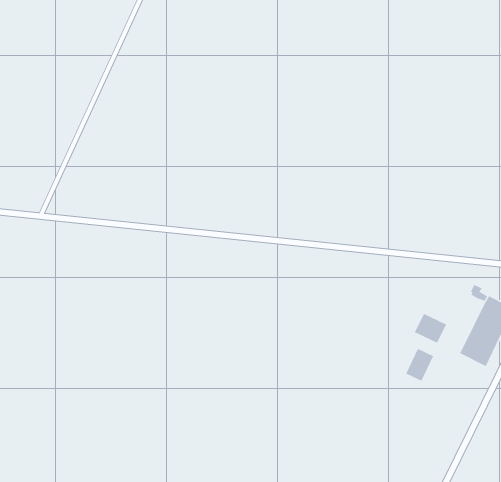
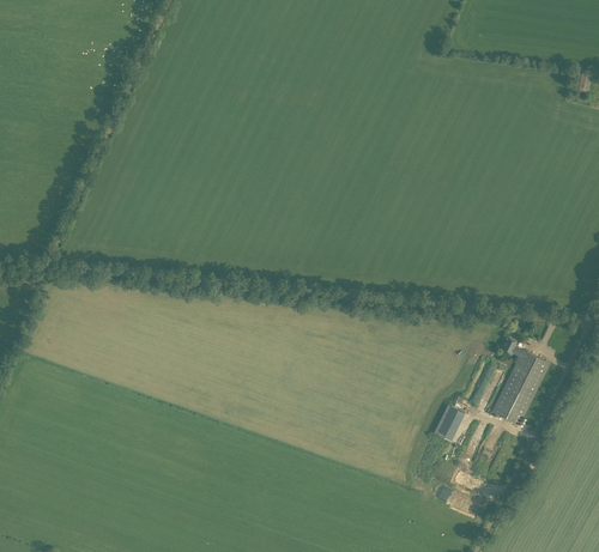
building: [414,313,447,344] -> none

